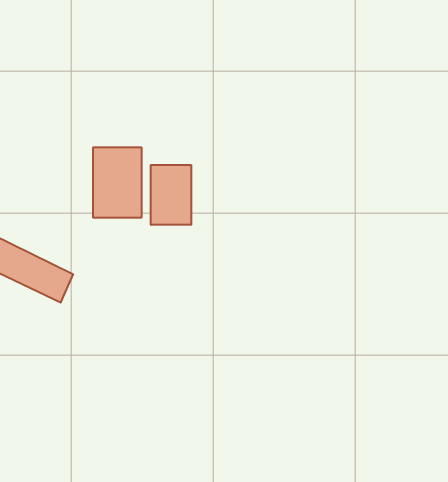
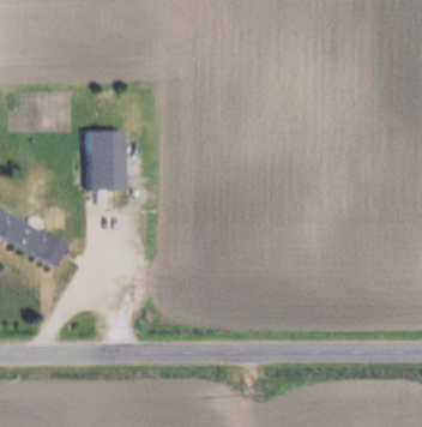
building: [151,165,191,225] -> none

